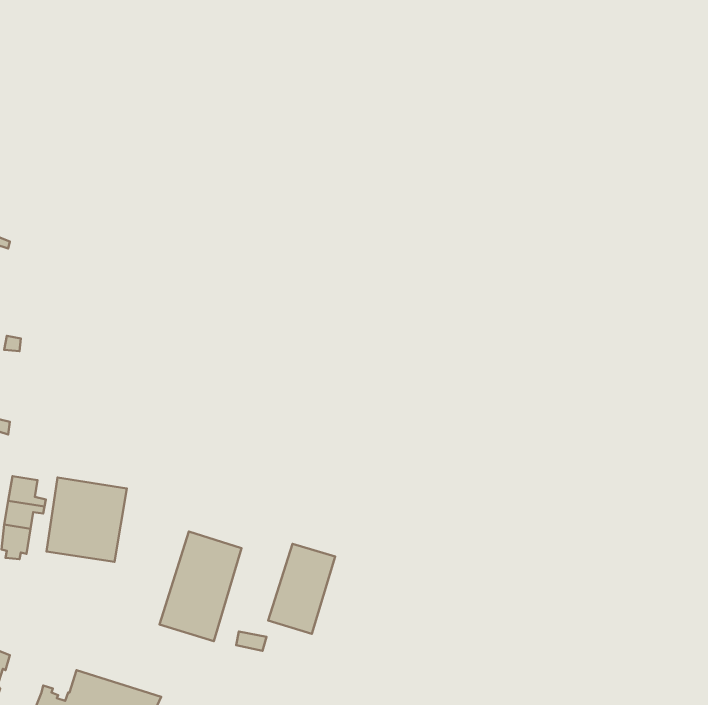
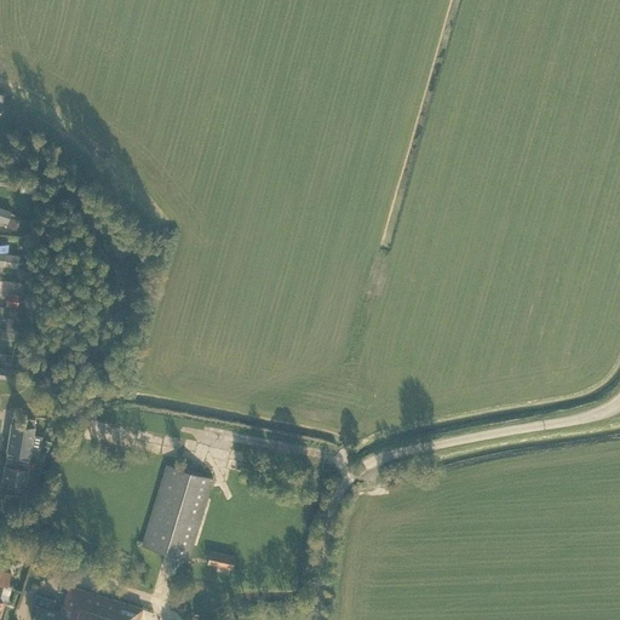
building: [46,477,127,562] -> none
building: [268,544,335,634] -> none

